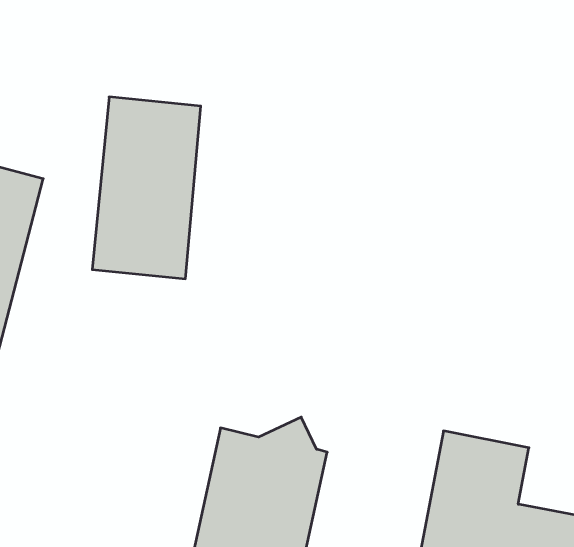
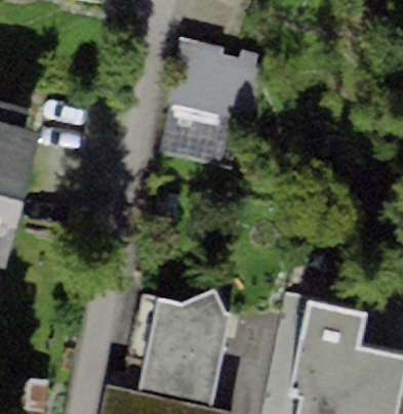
building: [92,97,201,279] -> [166,40,239,162]

